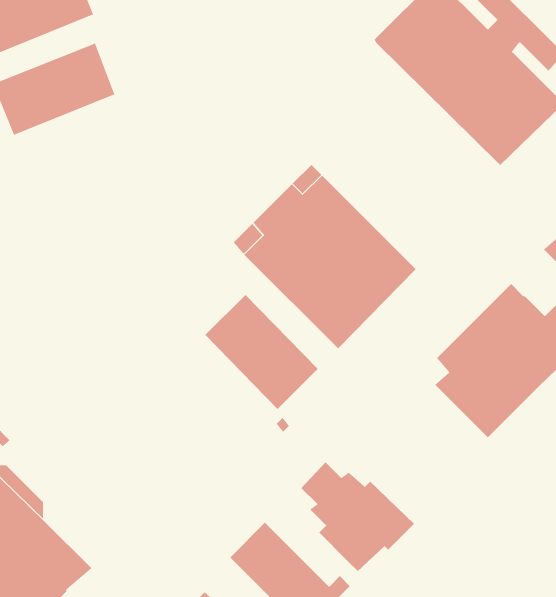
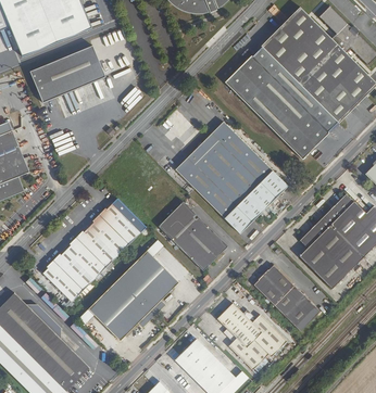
building: none -> [224,47,338,160]
building: none -> [42,202,141,301]
building: none -> [88,250,179,340]
building: none -> [253,264,315,326]

